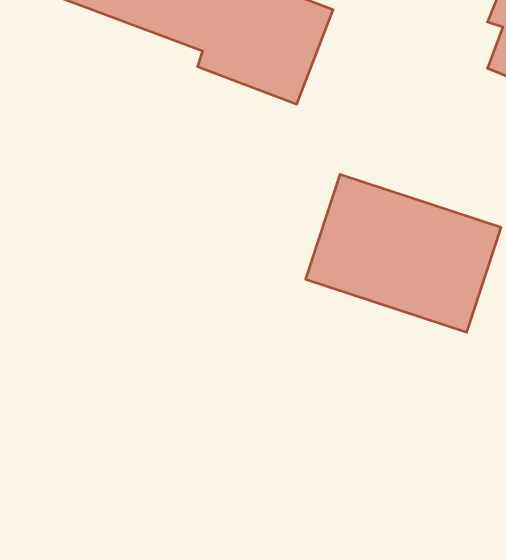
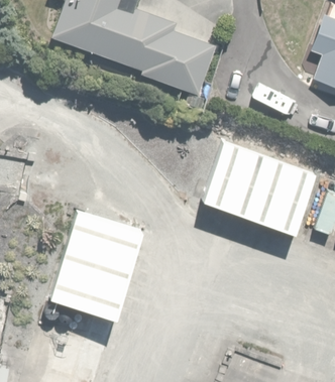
building: none -> [46,211,144,324]

